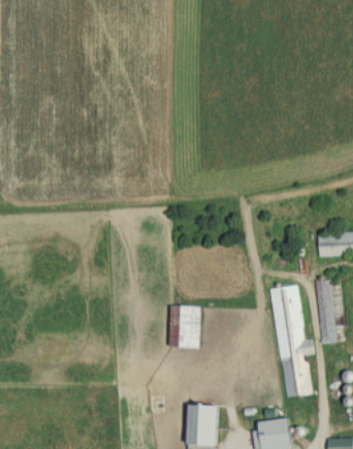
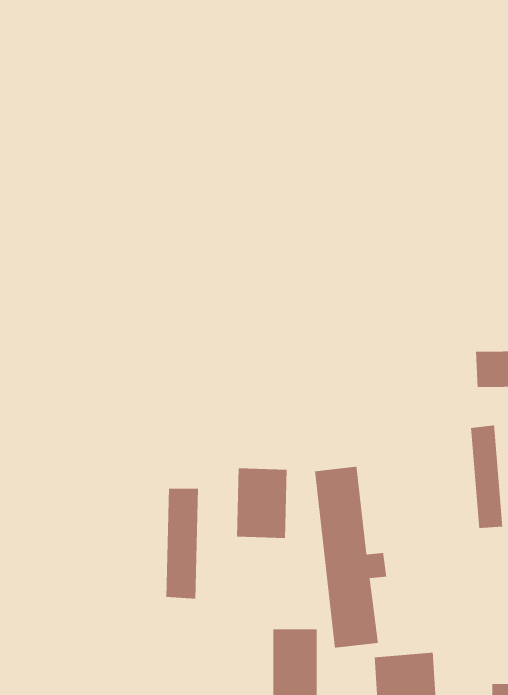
building: [270,284,316,397] -> [314,466,387,649]
building: none -> [166,488,199,600]

